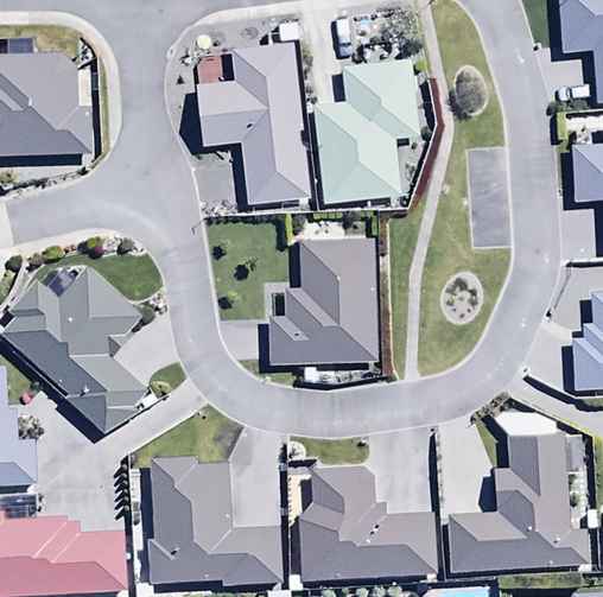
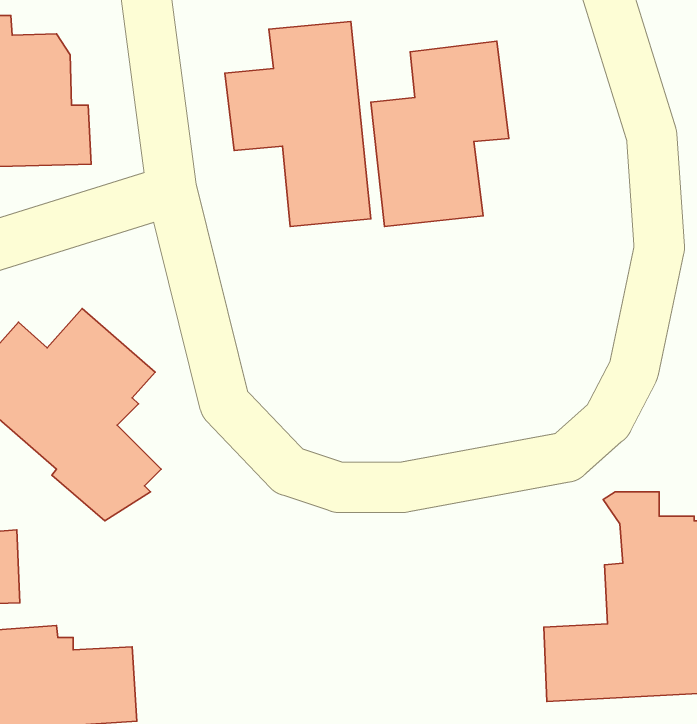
building: [268,235,376,363] -> none
building: [147,455,283,583] -> none
building: [296,466,434,583] -> none

